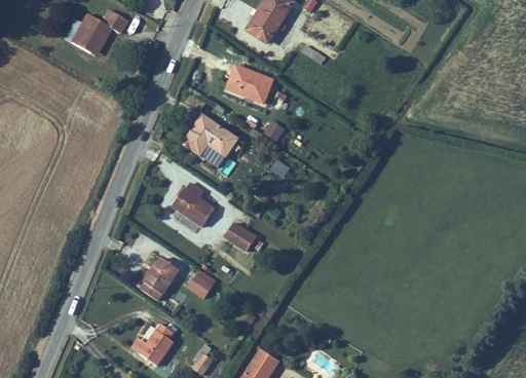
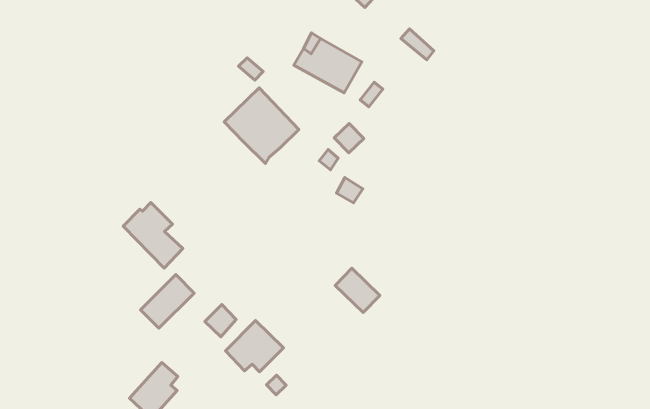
building: [166,179,213,225] -> [123,202,183,268]
building: [225,222,259,253] -> [335,268,380,312]
building: none -> [225,321,283,372]

